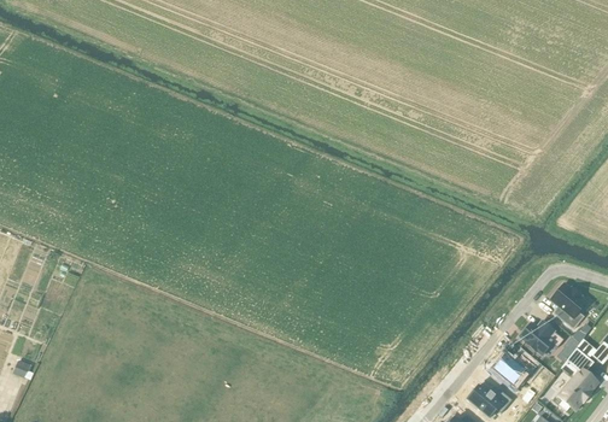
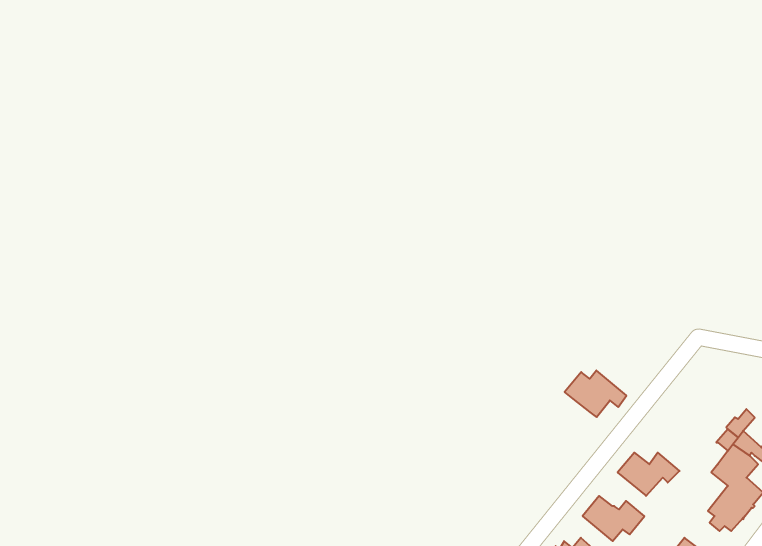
building: [550,283,586,329] -> none
building: [519,321,563,354] -> [565,370,626,417]

